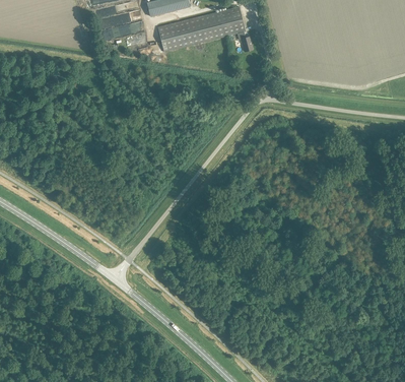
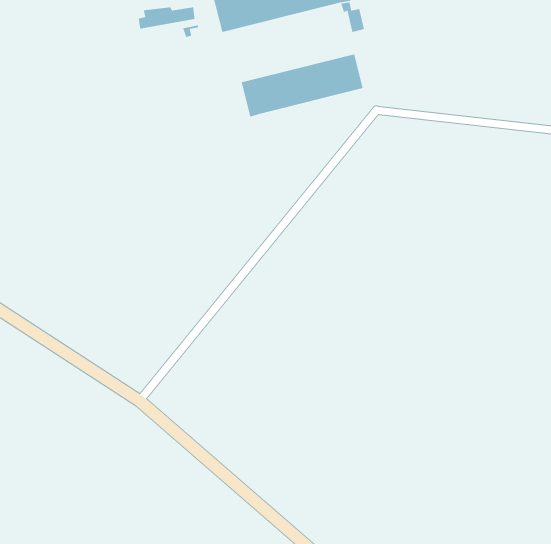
building: none -> [241,54,364,117]

